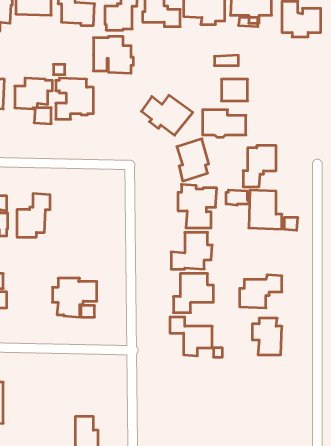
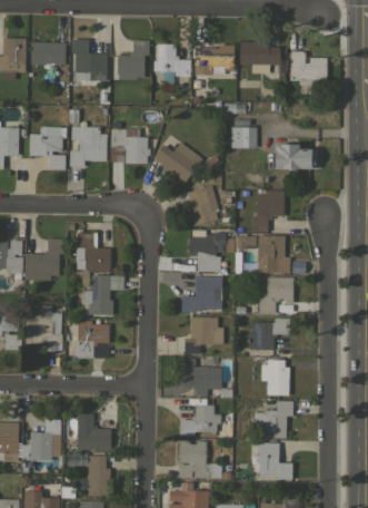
building: [93,37,133,73] -> [111,128,150,164]
building: [203,110,246,137] -> [276,144,318,170]
building: none -> [77,233,111,270]
building: none -> [82,275,125,315]
building: none -> [259,276,294,314]
building: none -> [26,312,63,350]
building: none -> [255,401,294,438]
building: none -> [180,404,221,437]
building: none -> [78,413,112,450]
building: none -> [22,419,61,460]
building: none -> [179,441,222,479]
building: none -> [250,442,292,479]

